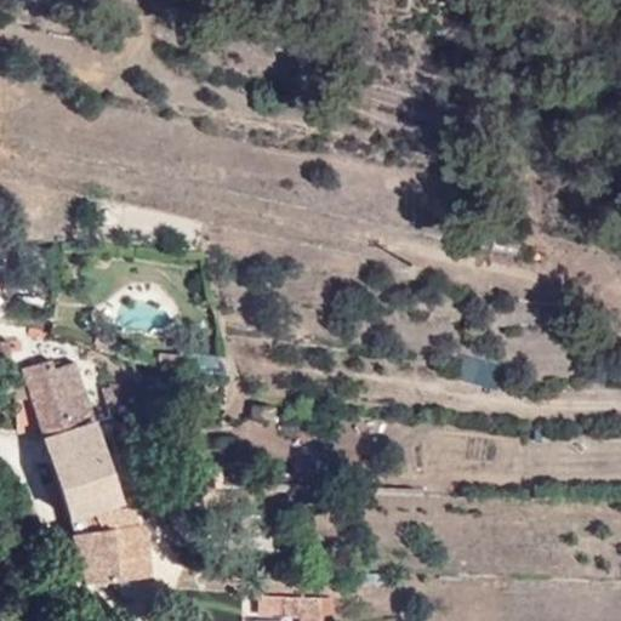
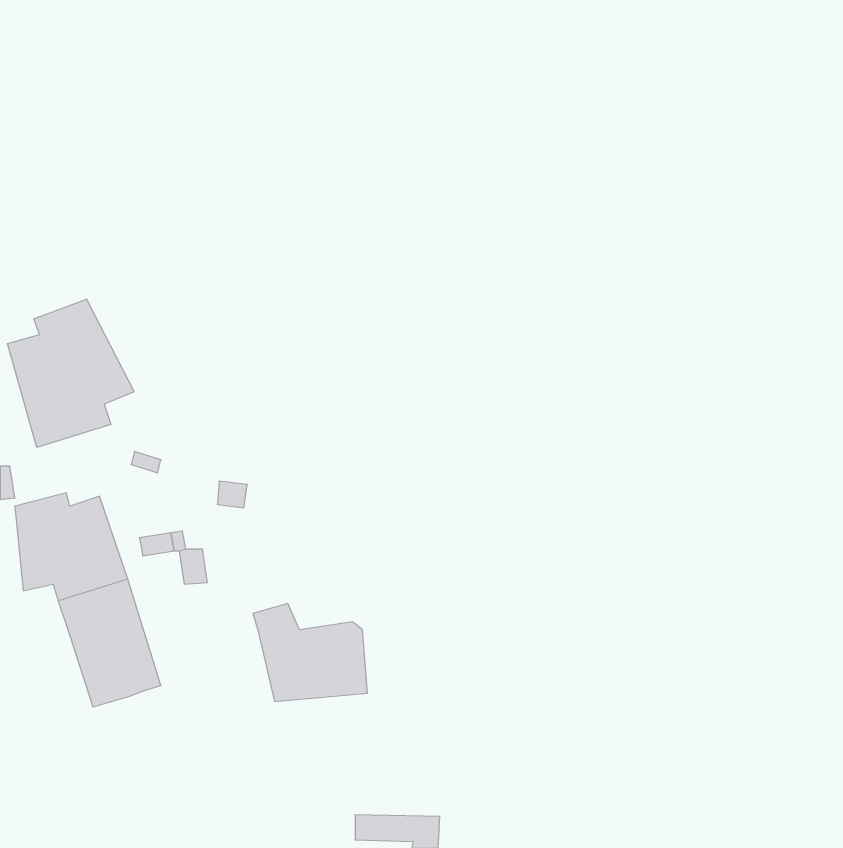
building: none -> [8,299,134,447]
building: [72,509,155,581] -> [253,603,367,701]

